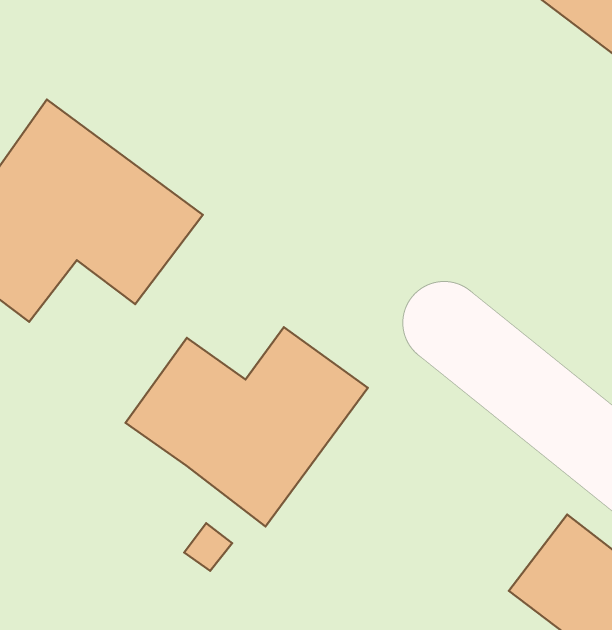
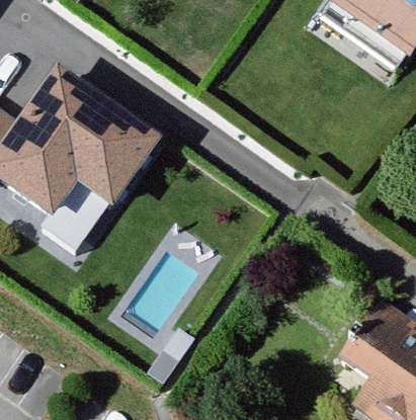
building: [125,327,368,526] -> none

